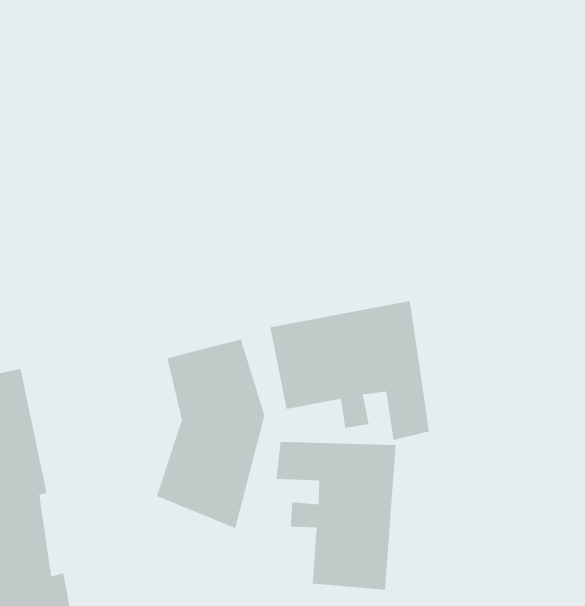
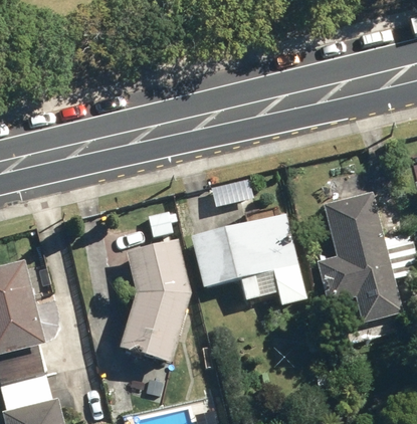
building: none -> [315,187,401,330]
building: [276,441,396,591] -> none

